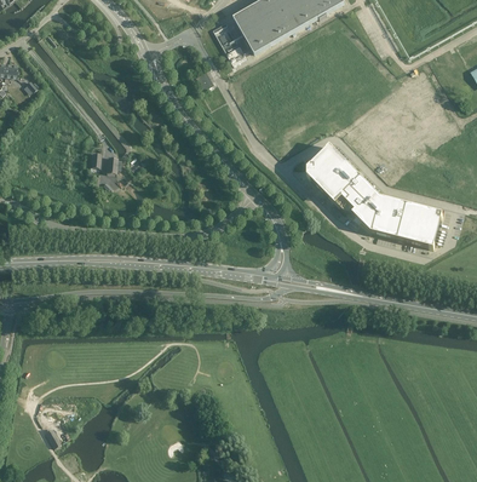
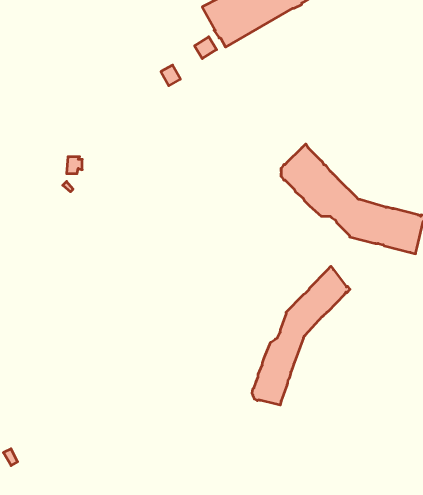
building: none -> [252,266,350,405]

